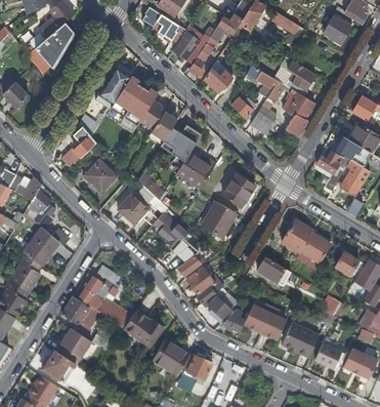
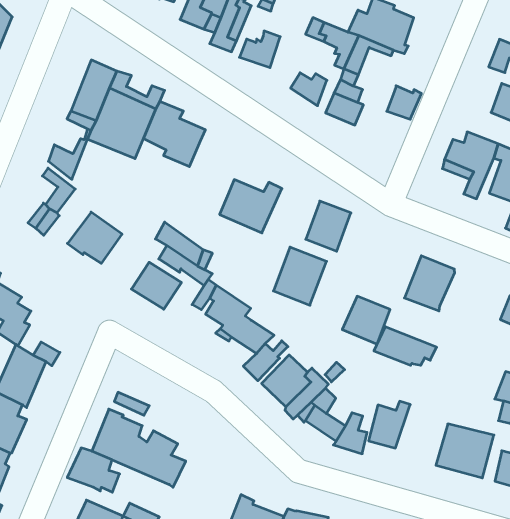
building: [287,90,315,118] -> none
building: [161,125,197,160] -> none
building: [300,230,331,260] -> [342,296,390,344]
building: [259,304,286,337] -> none
building: [122,313,162,349] -> none

